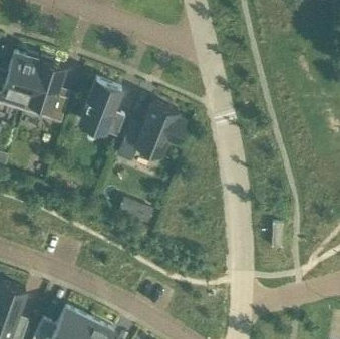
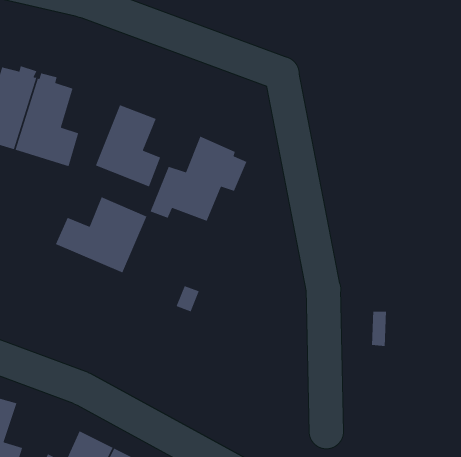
building: none -> [55,196,147,274]

